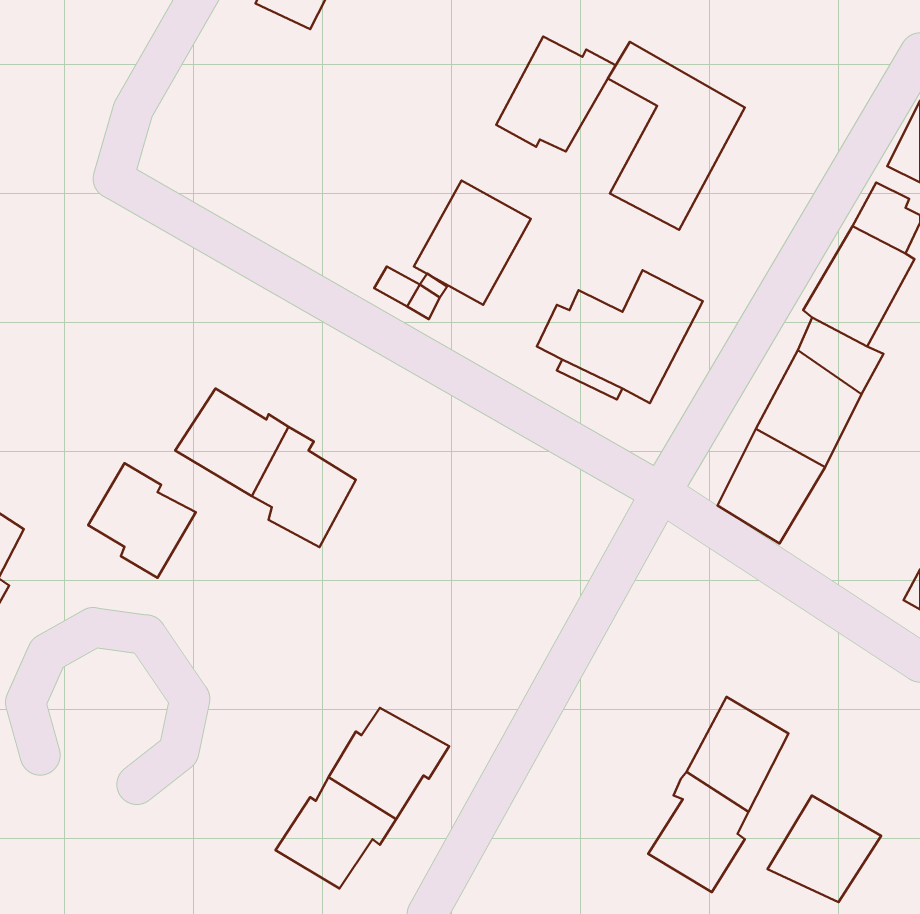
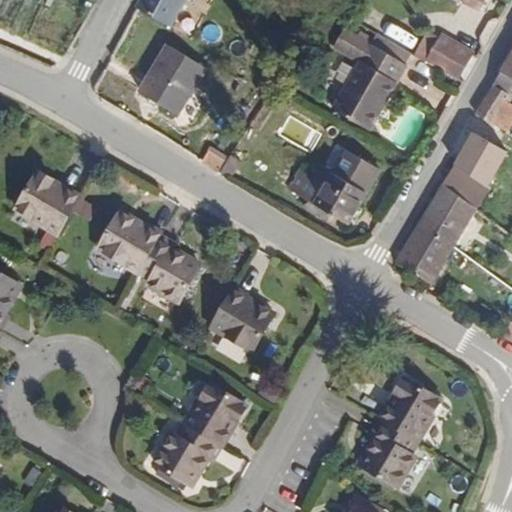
building: [496,36,616,152] -> none
building: none -> [432,32,479,77]
building: [414,181,531,305] -> [144,44,208,112]
building: [88,463,196,578] -> [16,169,75,232]
building: none -> [210,284,270,345]
building: [768,795,881,902] -> none

